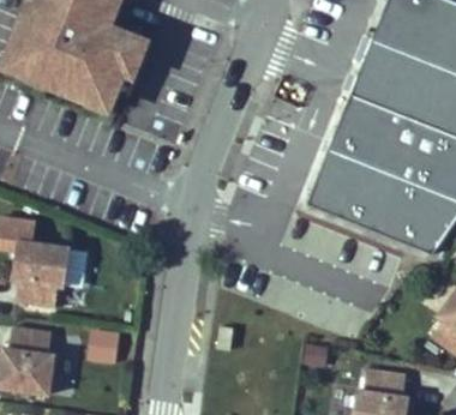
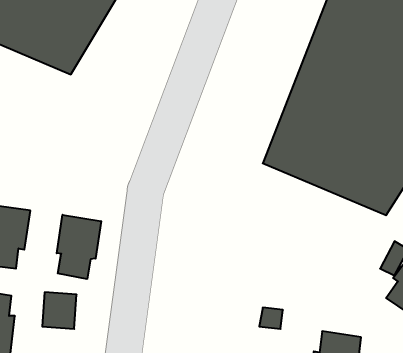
building: none -> [57,215,101,279]

